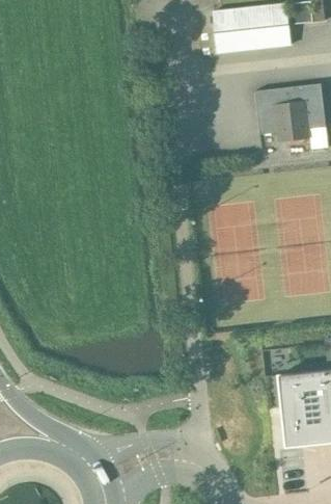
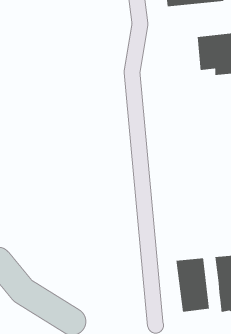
building: none -> [176,257,209,312]

